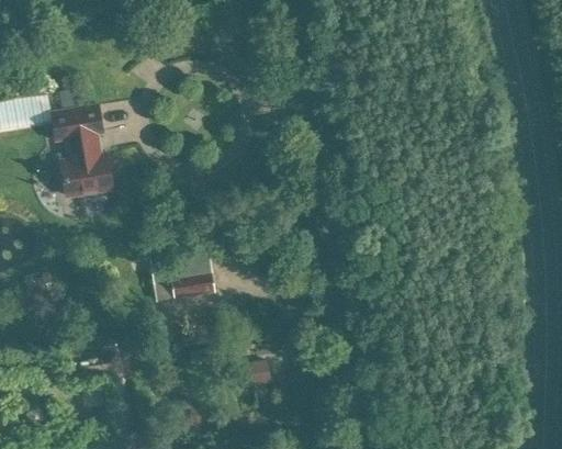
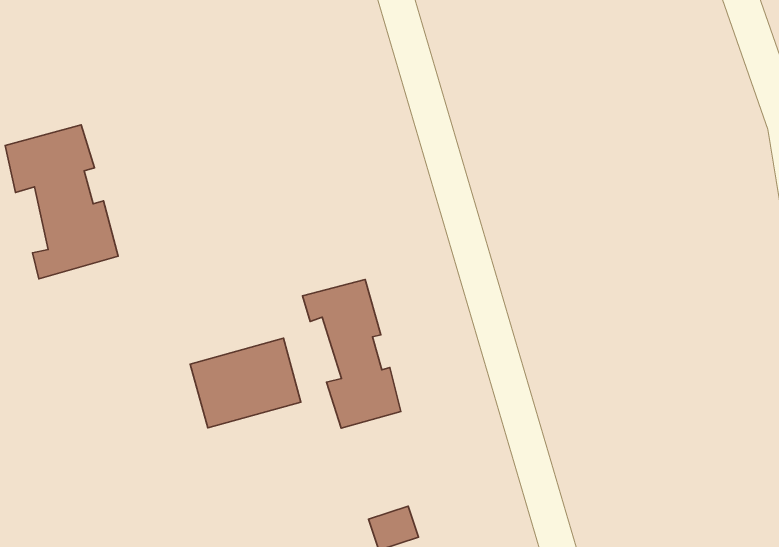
building: none -> [302,279,401,428]

